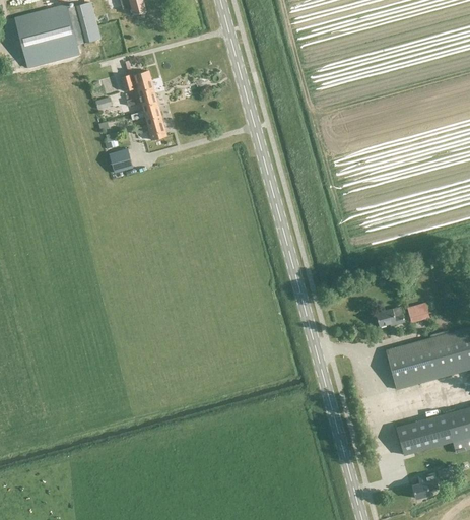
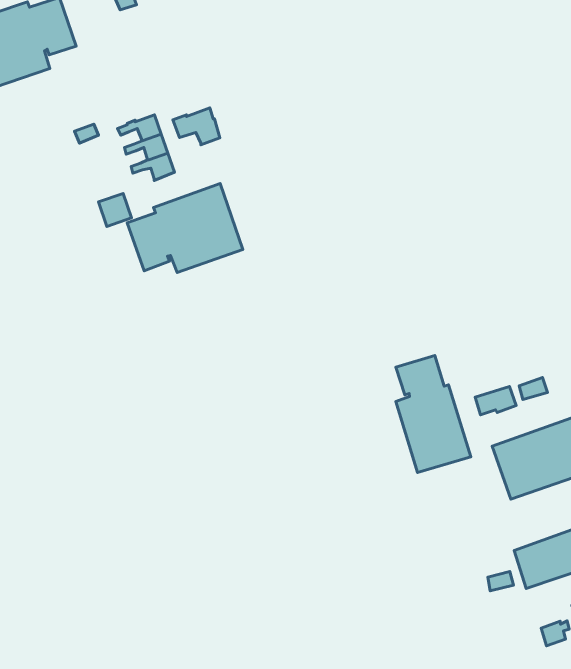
building: [121,70,154,96] -> [173,108,220,145]
building: none -> [127,184,243,273]
building: none -> [396,356,471,472]

